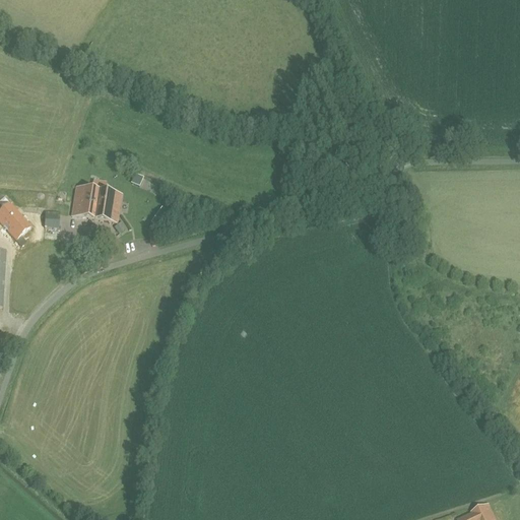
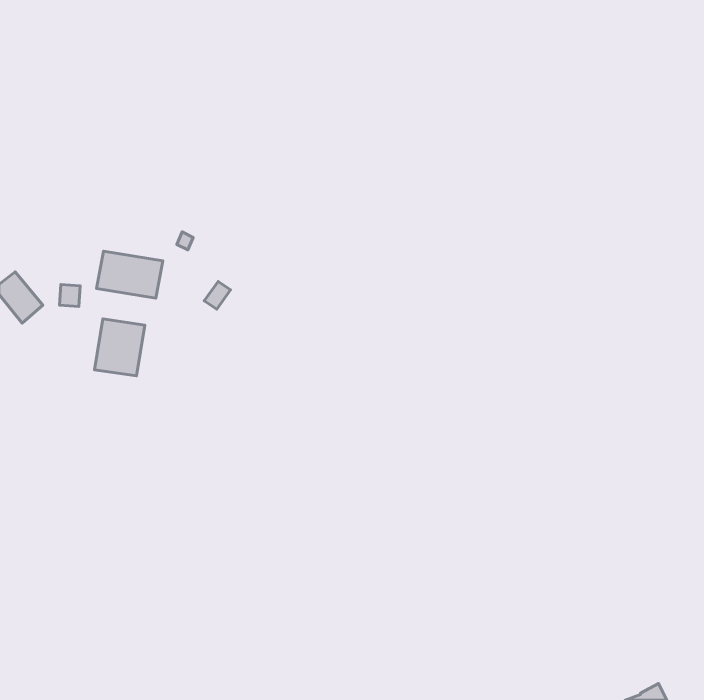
building: none -> [94,319,145,376]

